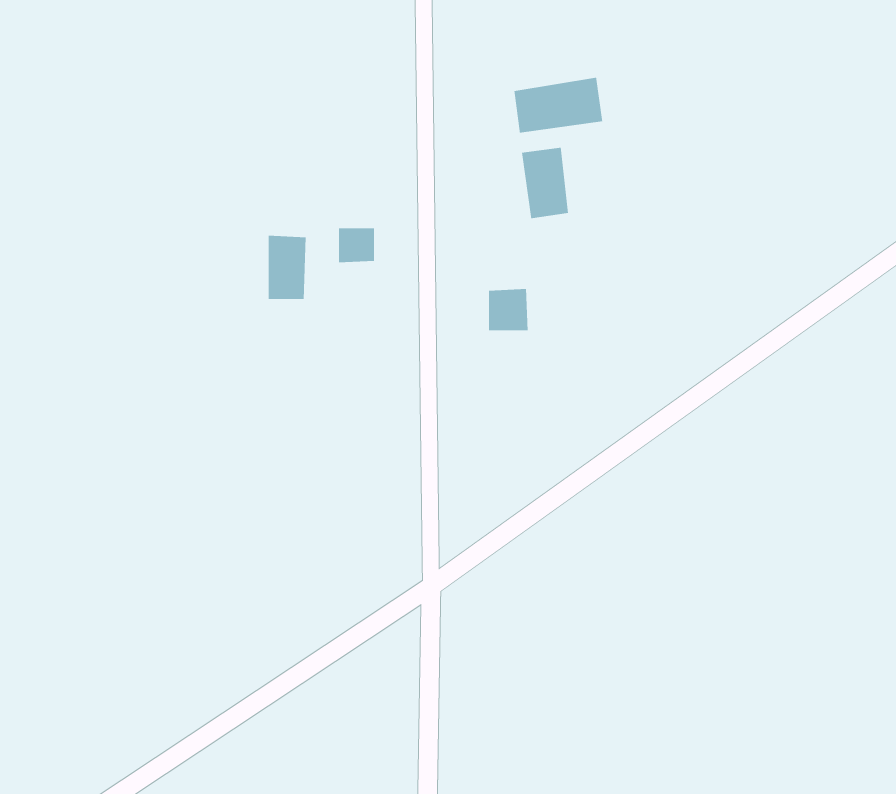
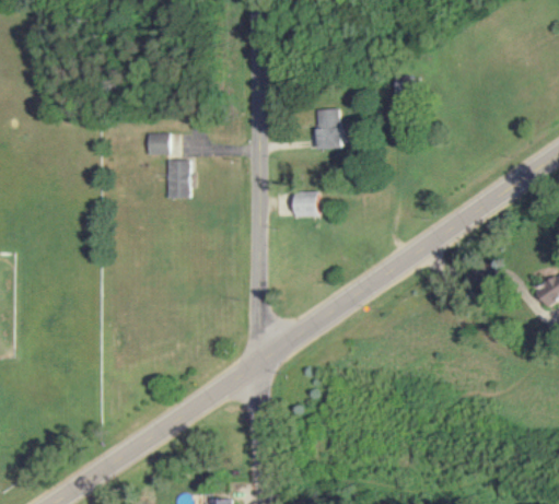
building: [514,77,603,134] -> none
building: [338,228,375,263] -> [144,133,166,154]

